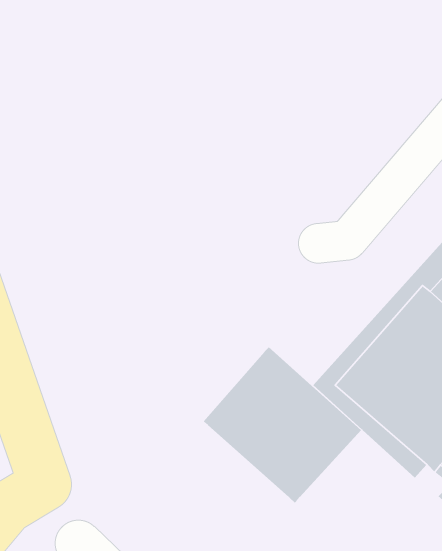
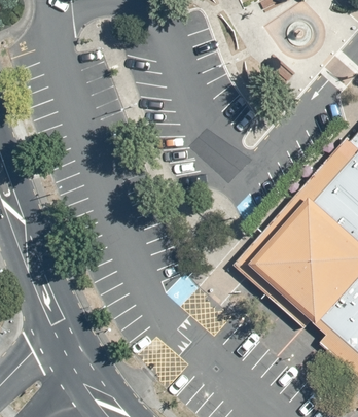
building: [203,346,362,504] -> none

